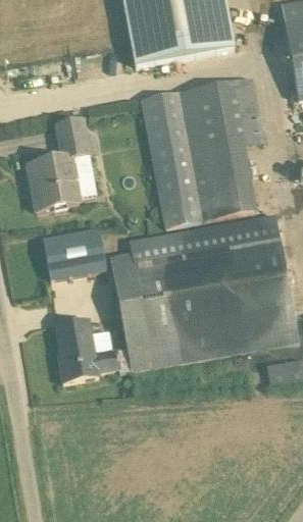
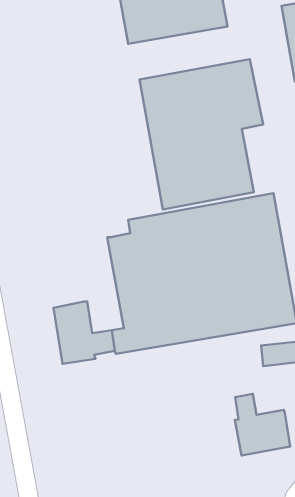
building: [30,118,96,210] -> none
building: [43,229,106,279] -> none
building: none -> [235,394,290,455]

